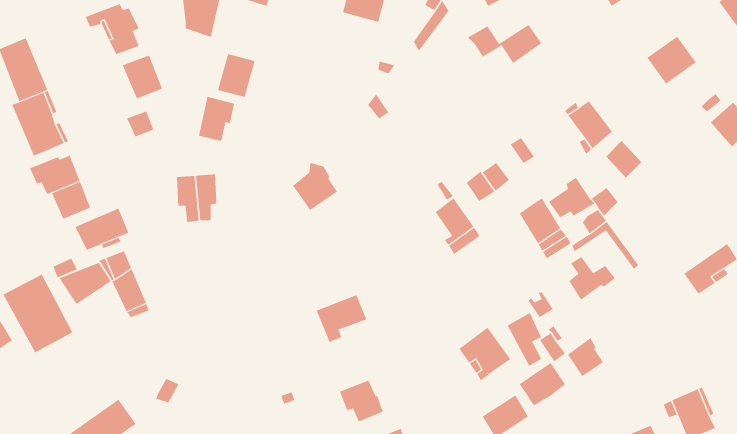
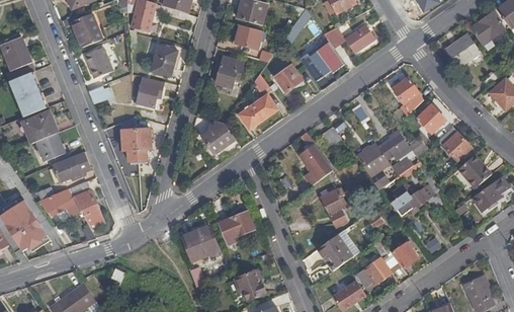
building: none -> [472,15,502,45]
building: none -> [235,24,262,50]
building: none -> [299,38,342,81]
building: none -> [217,57,243,87]
building: none -> [274,65,303,92]
building: none -> [239,94,277,129]
building: none -> [437,127,472,161]
building: none -> [457,155,491,188]
building: [507,312,542,366] -> [322,189,346,227]
building: none -> [183,226,219,261]

